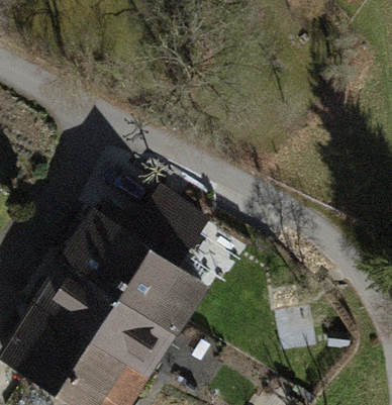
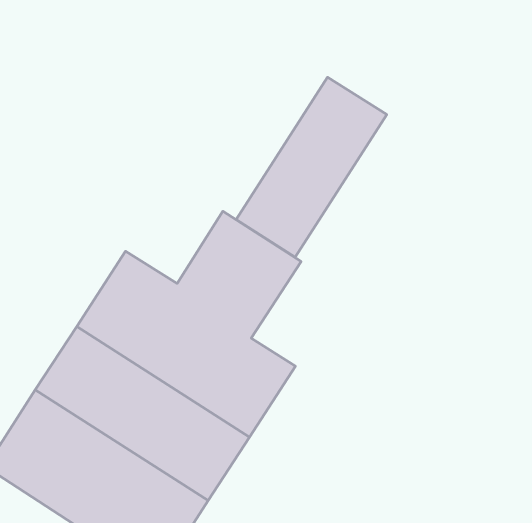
building: none -> [236,77,387,257]

